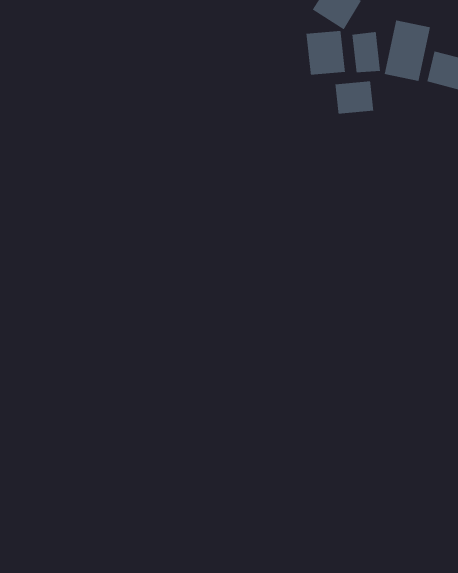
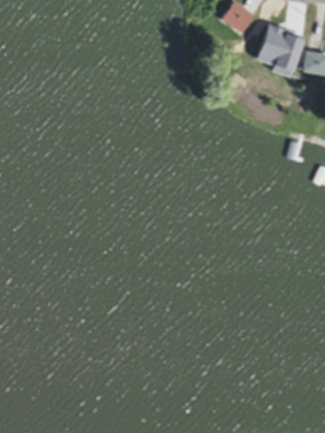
building: [306,30,346,76] -> none
building: [335,80,374,114] -> none

